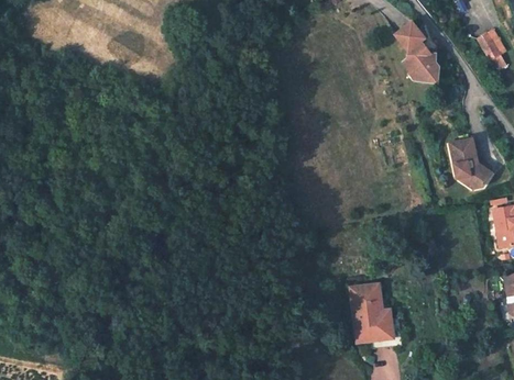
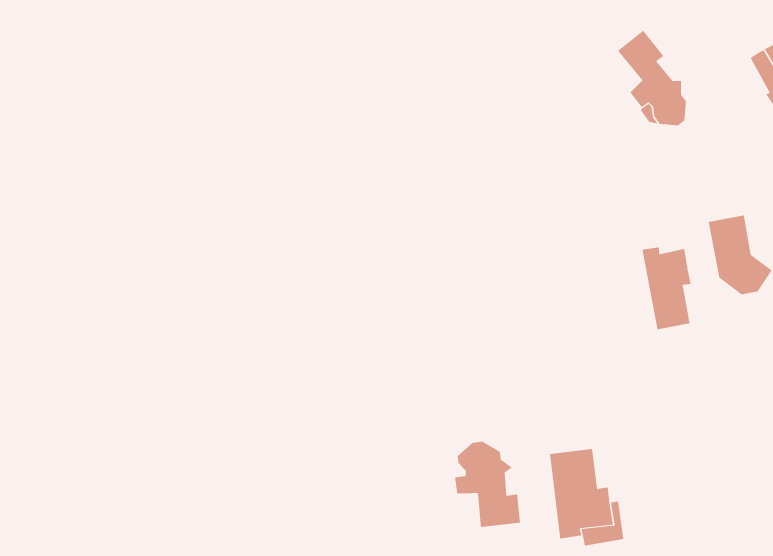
building: none -> [642,247,691,330]
building: none -> [455,441,520,528]

